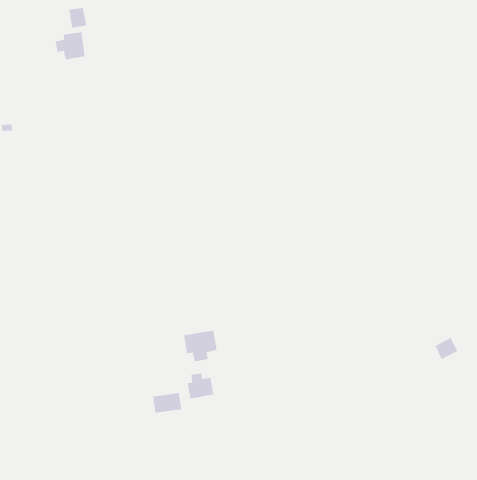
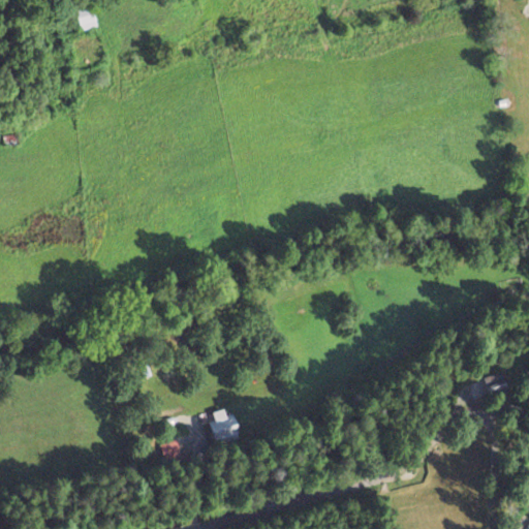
building: [55,31,85,60] -> none
building: [183,330,217,362] -> none

